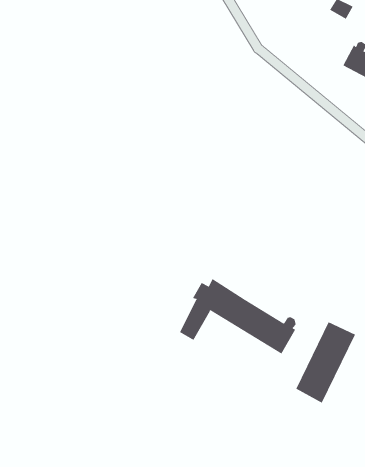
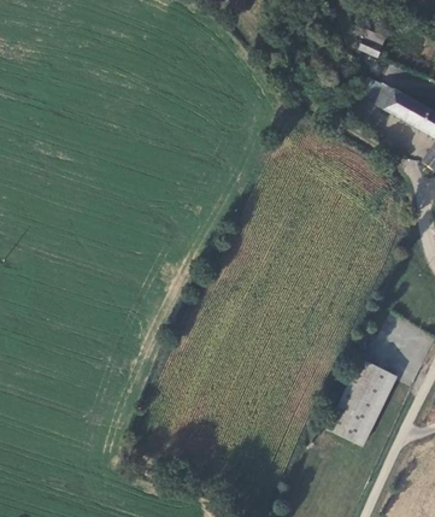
building: [179,278,296,355] -> none

